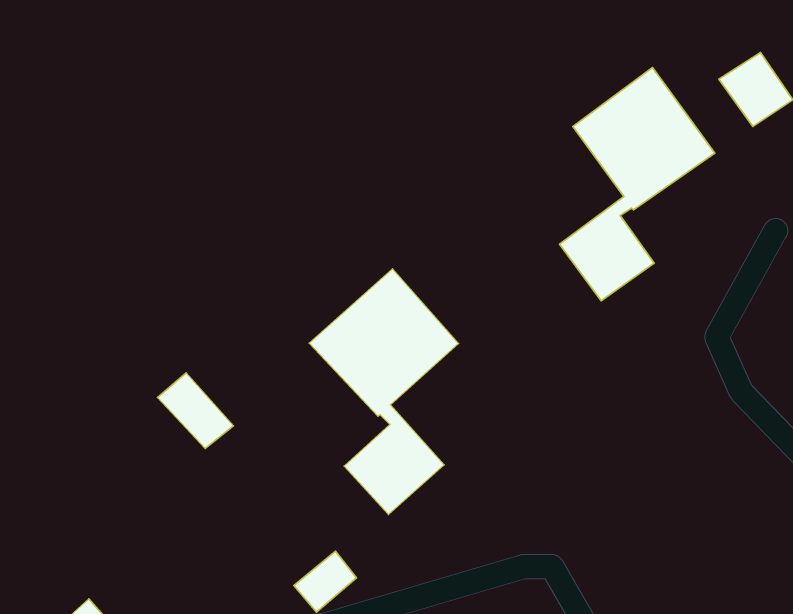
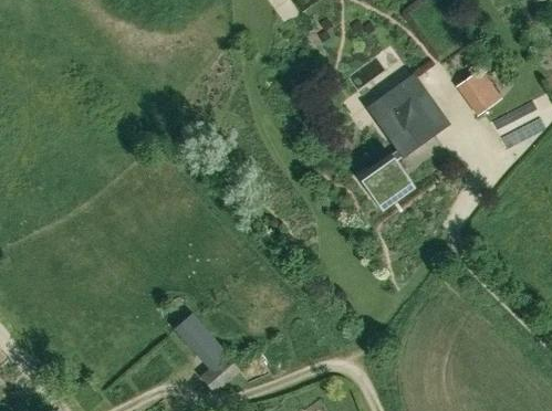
building: [309,269,459,515] -> none
building: [158,373,233,449] -> [176,315,220,359]

